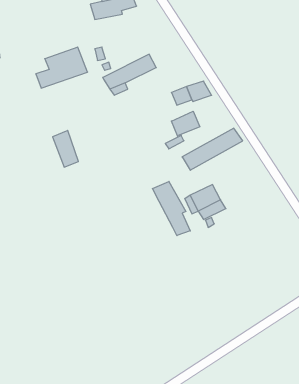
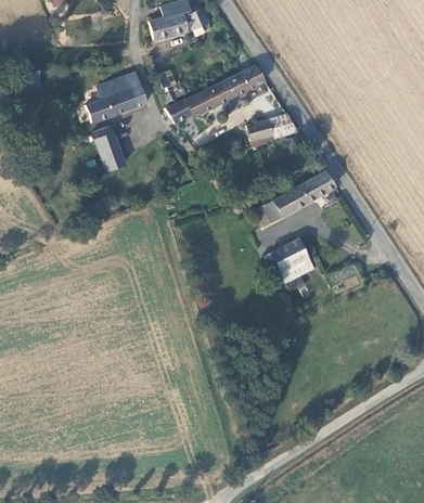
building: none -> [222,66,266,98]
building: [171,111,200,136] -> none
building: [53,130,78,167] -> [92,126,124,170]
building: [152,181,190,236] -> none

